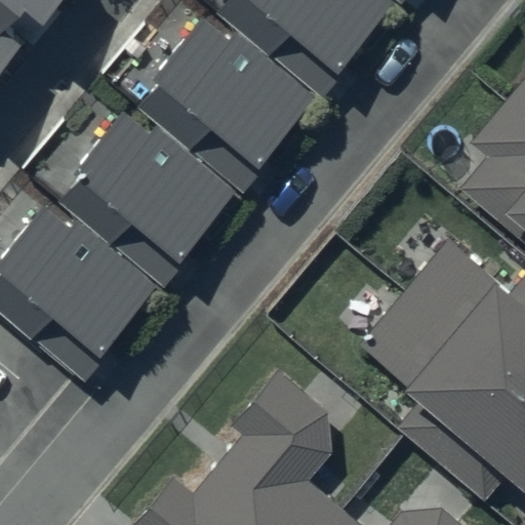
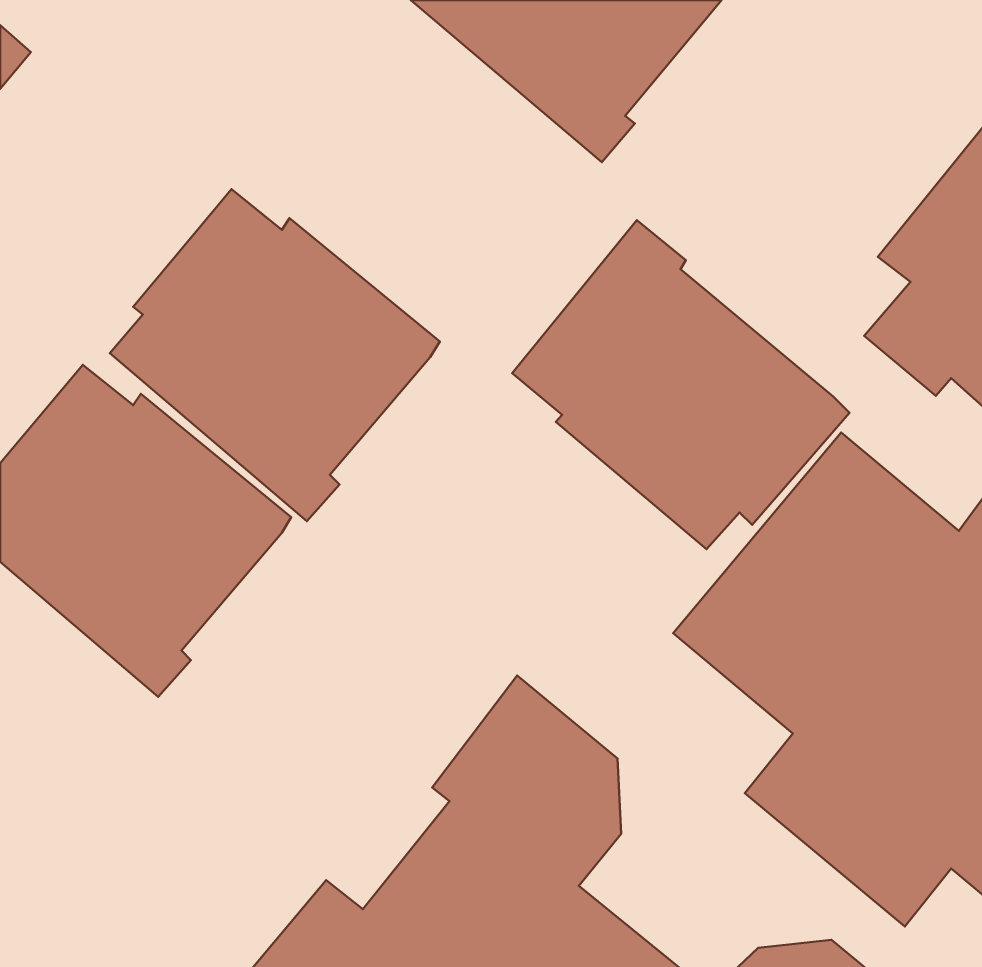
building: [136,17,312,193] -> none
building: none -> [512,220,850,549]

